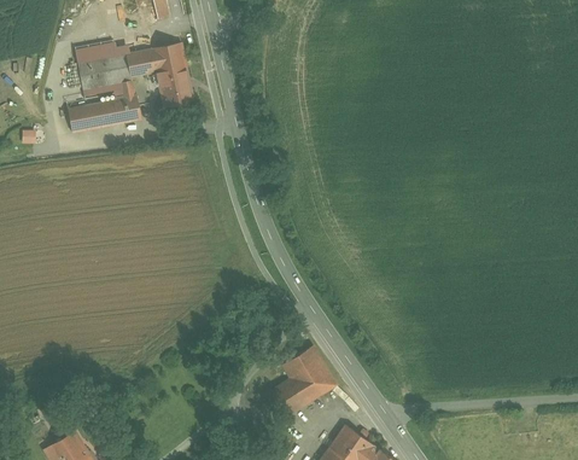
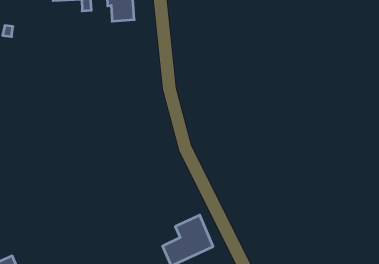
building: [68,95,140,133] -> none

